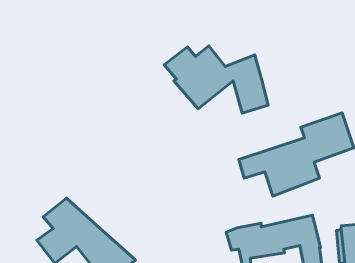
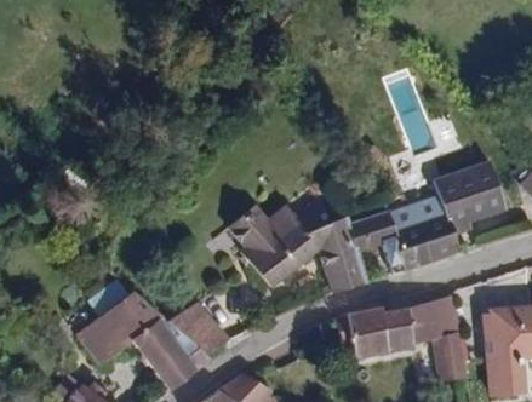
building: [164,46,268,113] -> [225,202,366,293]
building: none -> [167,303,228,355]

